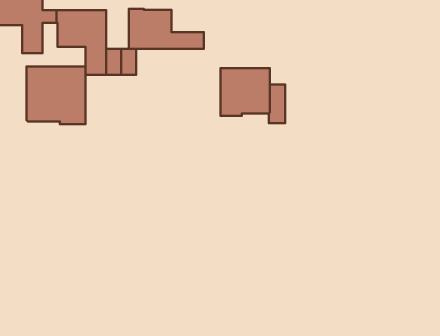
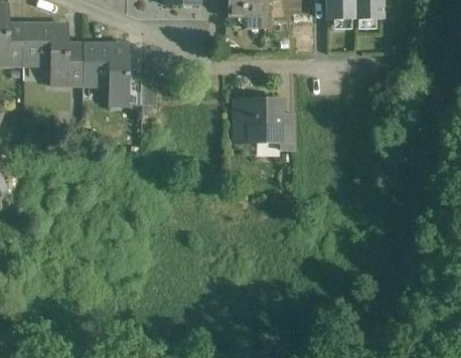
building: [129,9,204,49] -> none
building: [26,66,86,124] -> none

